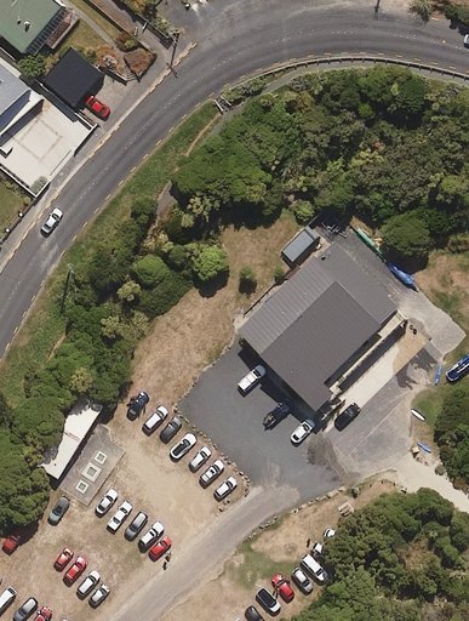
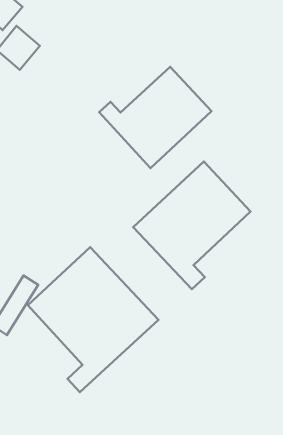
building: none -> [99,67,211,168]
building: none -> [28,247,159,392]

